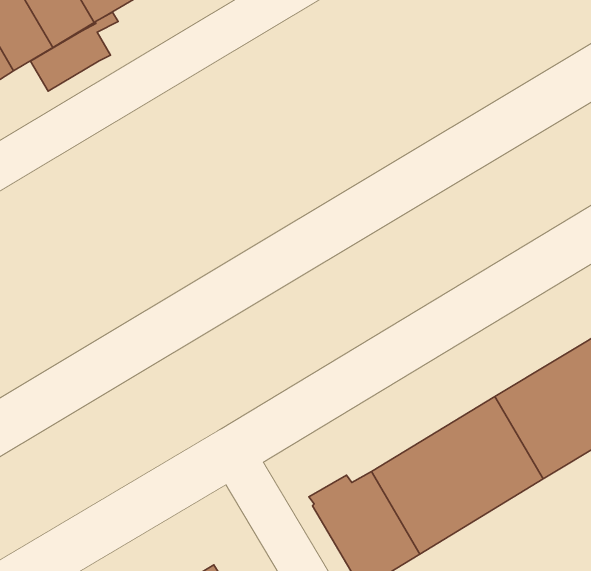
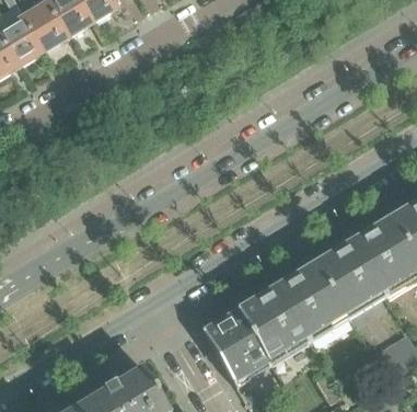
building: [31,12,118,91] -> none

